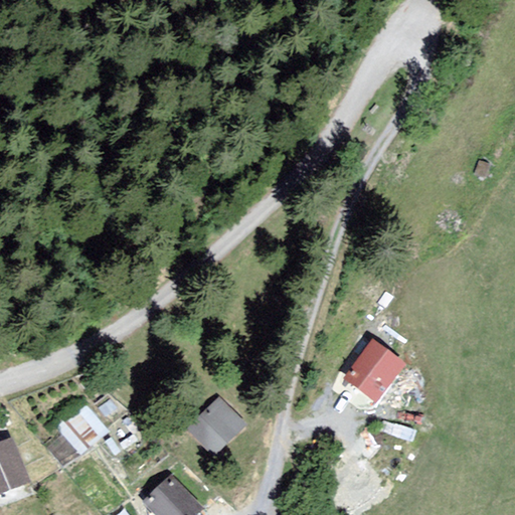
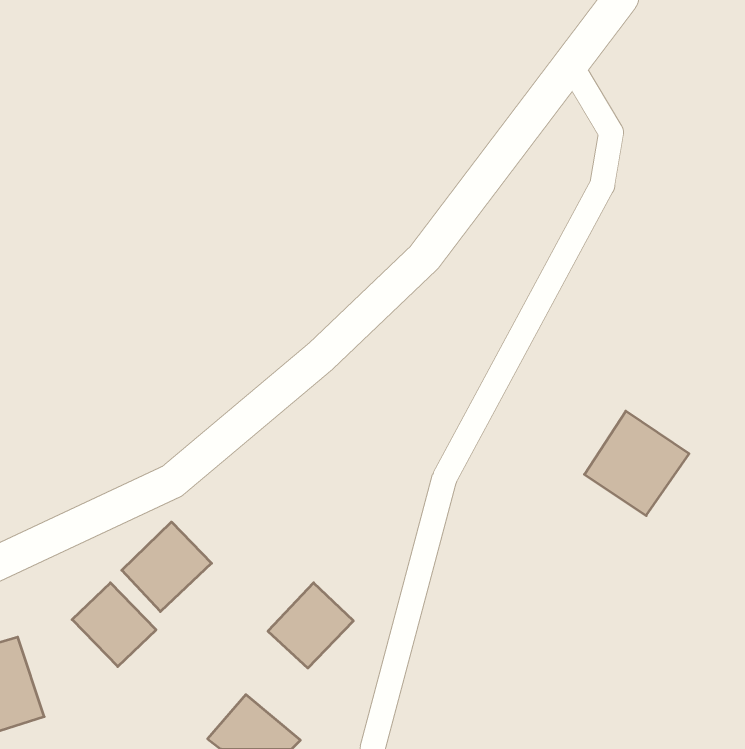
building: [340,335,411,406] -> [584,411,689,516]
building: none -> [122,522,212,612]

